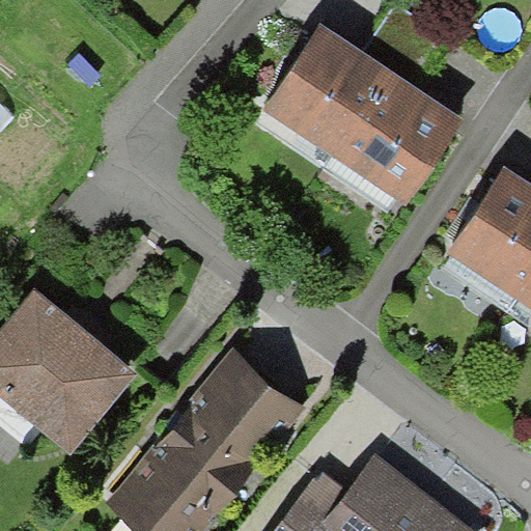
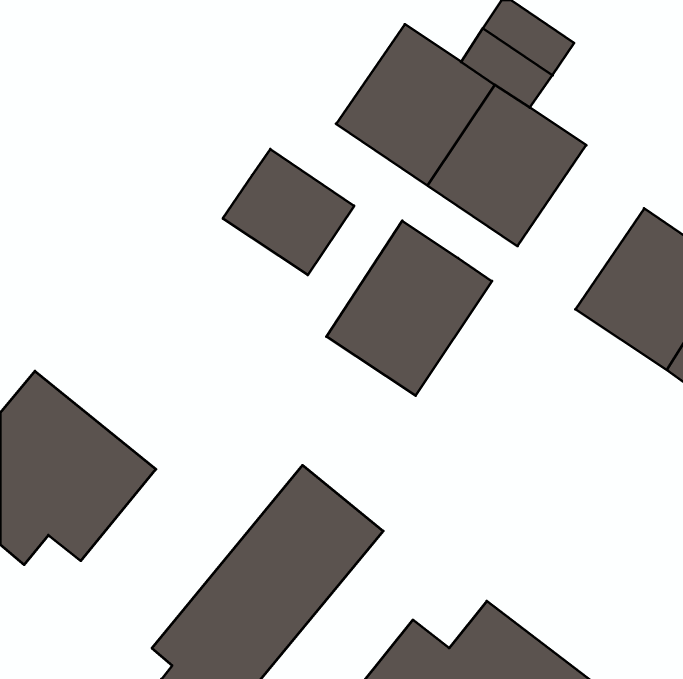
building: none -> [223,149,354,275]
building: none -> [326,221,492,396]

